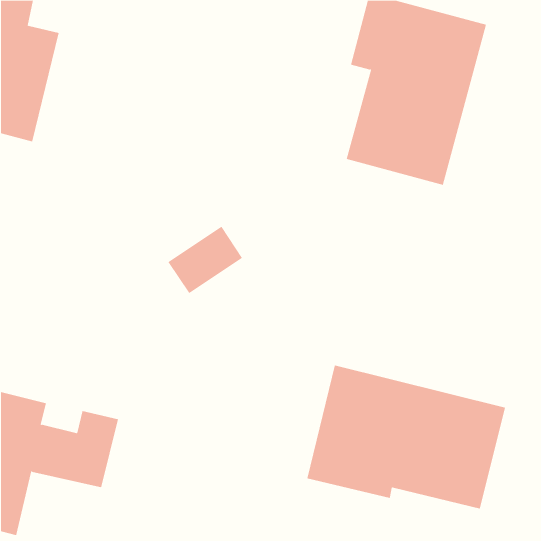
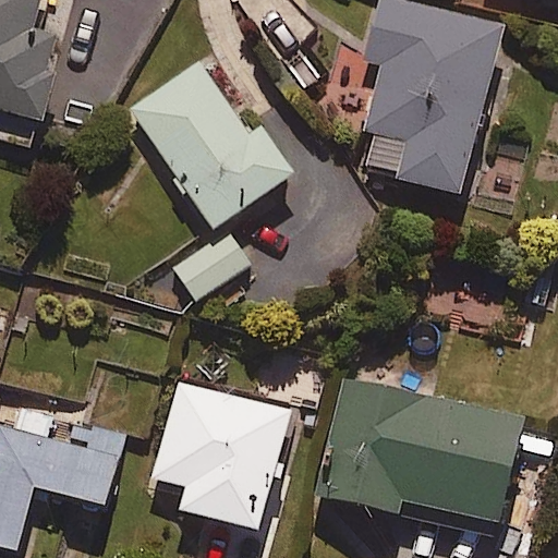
building: none -> [130,63,294,229]
building: none -> [151,381,288,527]

